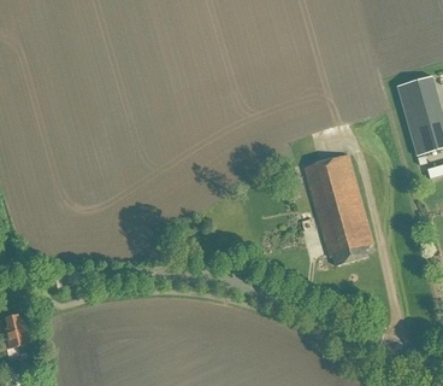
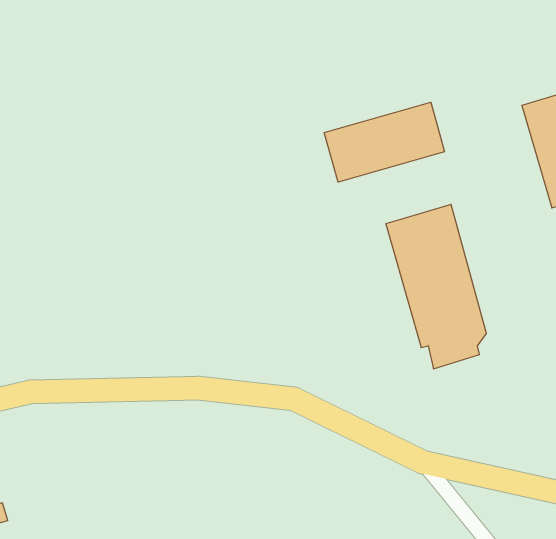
building: none -> [324,102,445,182]

